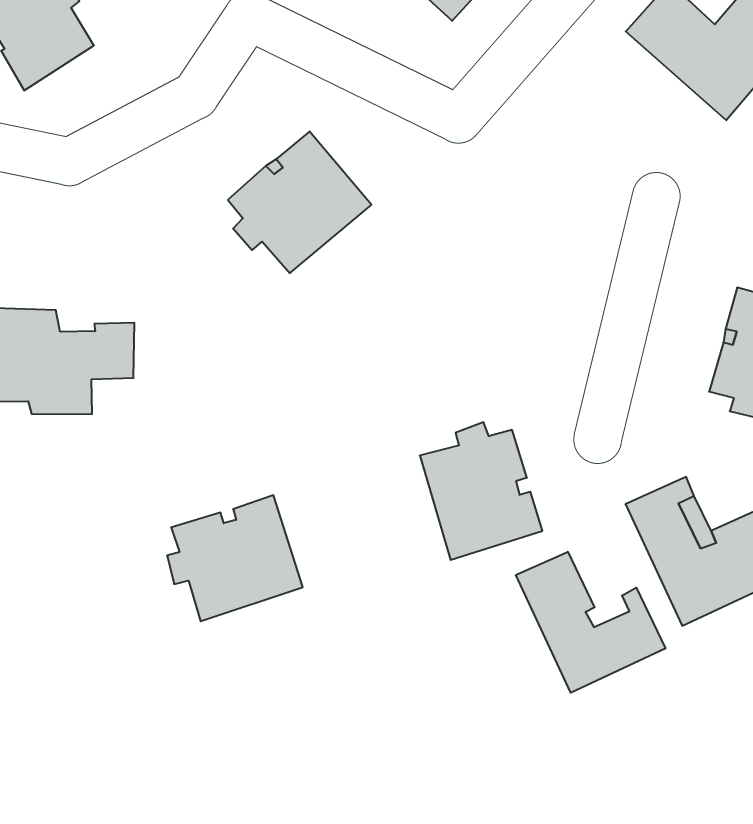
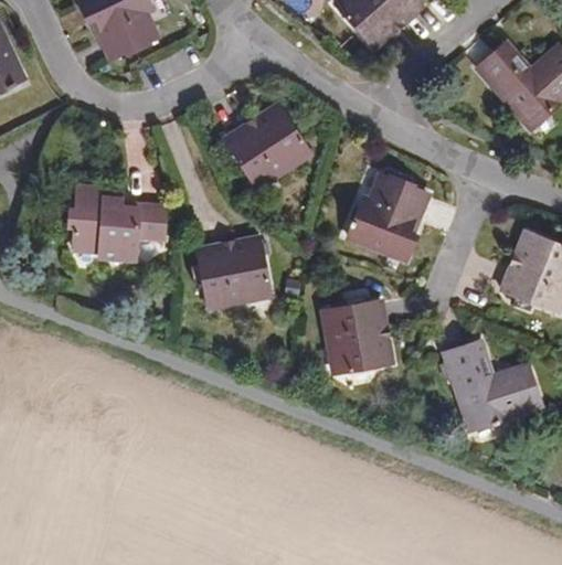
building: none -> [347,175,425,262]
building: [167,495,303,621] -> [191,236,271,307]
building: [516,552,665,693] -> none

